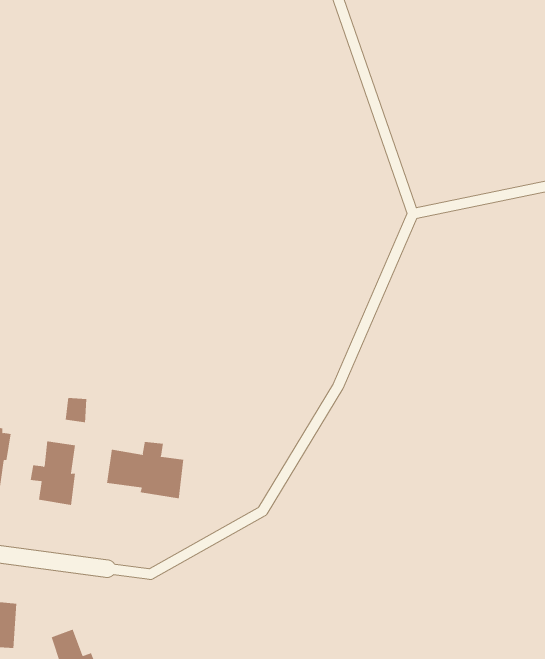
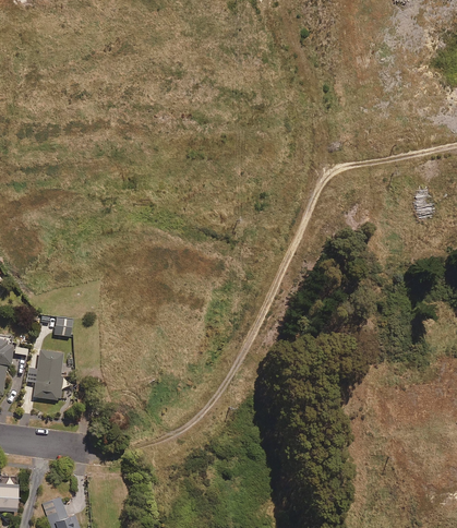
building: [107,441,184,499] -> none

